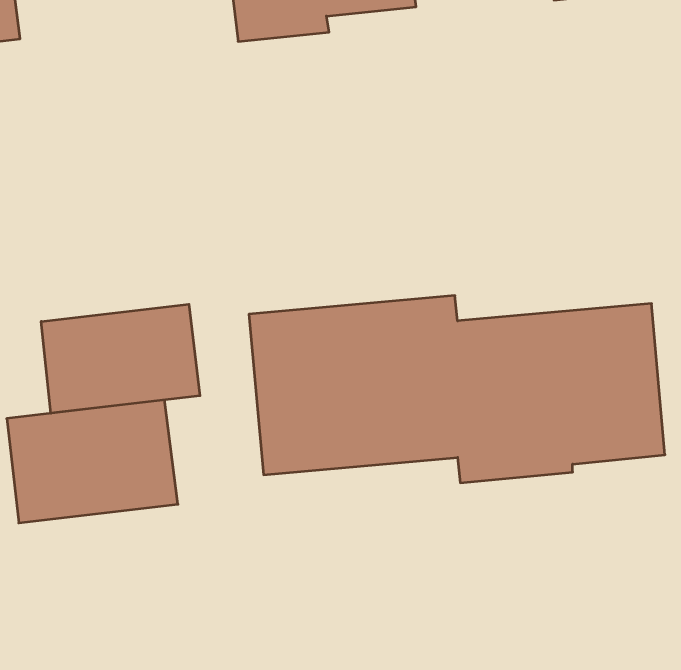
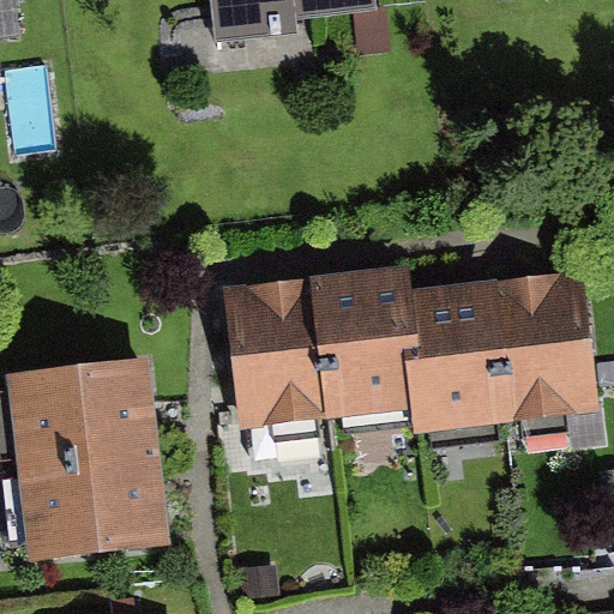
building: [41,304,200,413] -> none
building: none -> [17,452,170,562]

